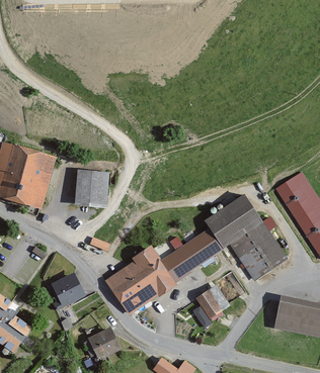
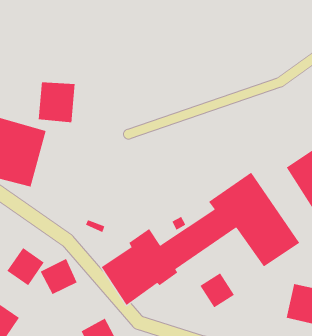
building: [74,169,108,206] -> [38,82,75,123]
building: none -> [7,247,44,286]

